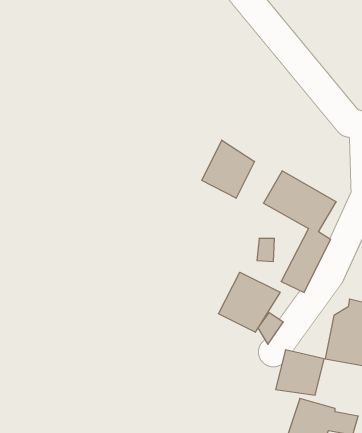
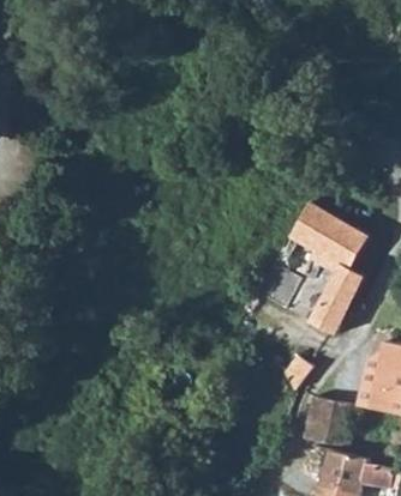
building: [202,140,255,198] -> none
building: [218,272,280,332] -> none

